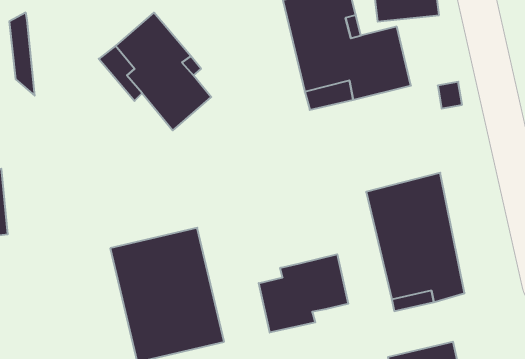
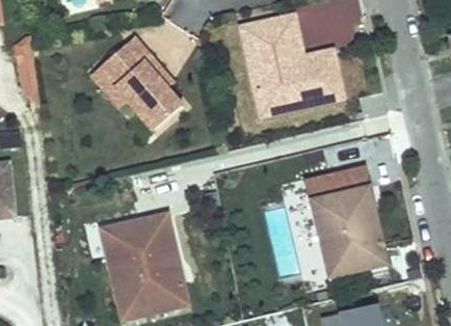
building: [259,254,348,333] -> none

